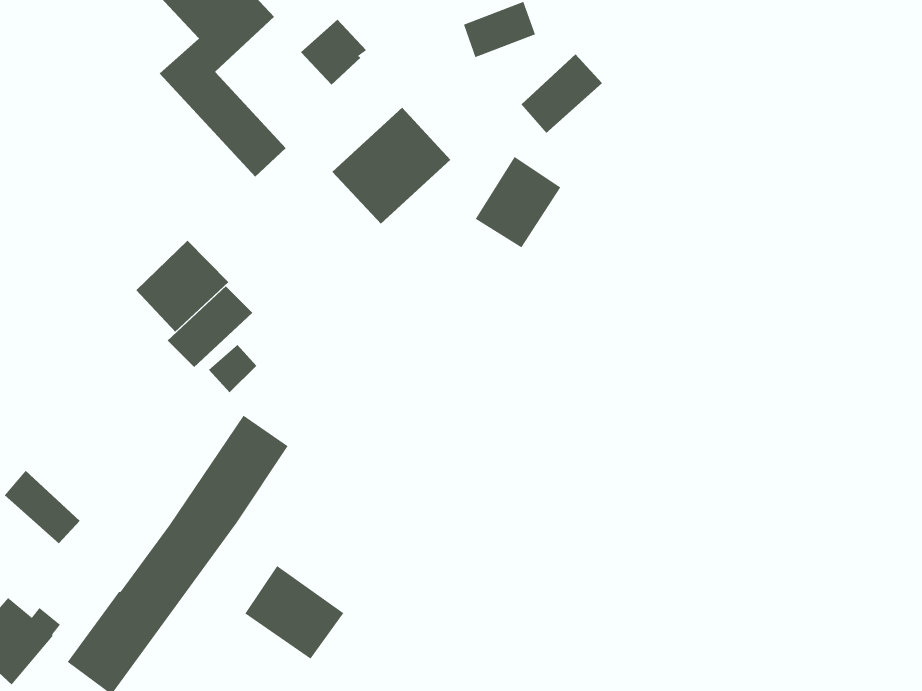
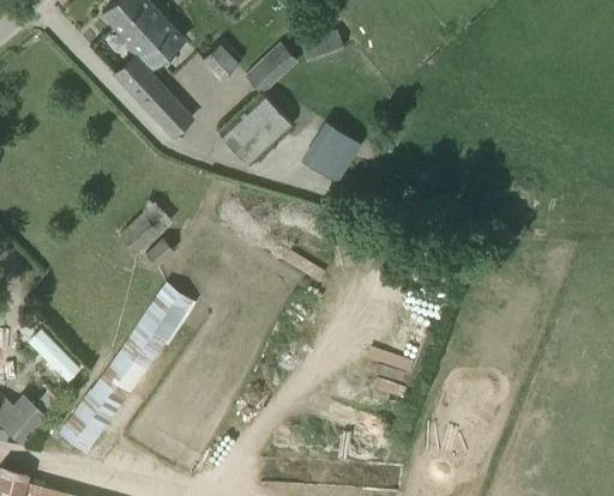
building: [521,54,603,134] -> [247,46,297,95]
building: [135,240,229,333] -> none
building: [245,565,344,660] -> none

